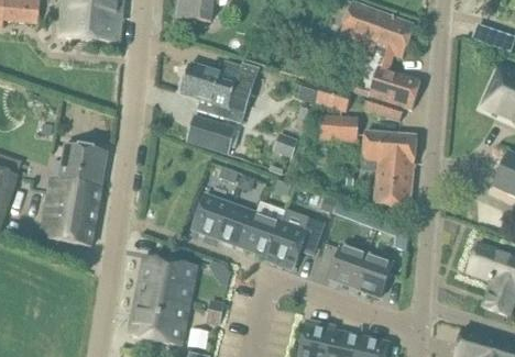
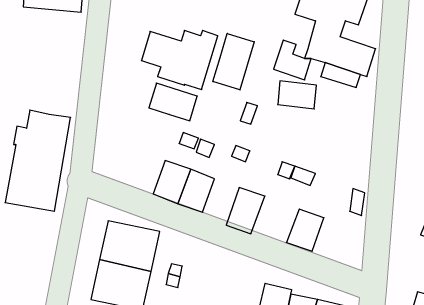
building: none -> [213,33,254,90]
building: [362,129,417,205] -> none
building: [243,212,281,259] -> none
building: [355,252,393,295] -> none

